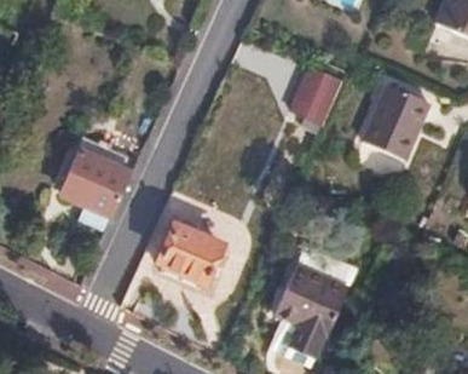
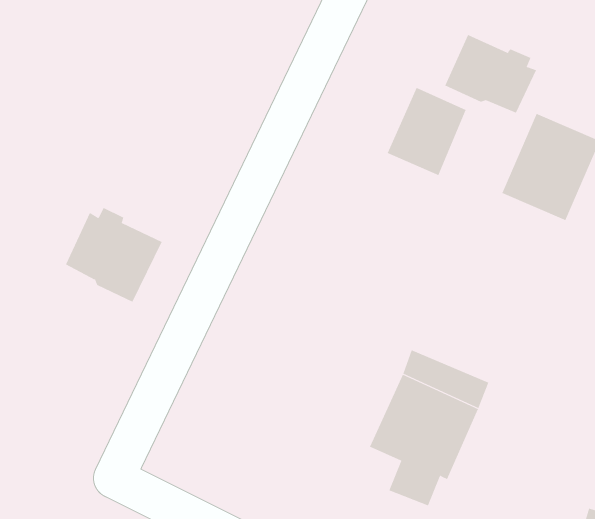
building: none -> [445,34,537,114]
building: [160,225,220,283] -> none

